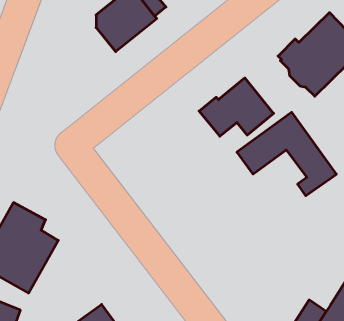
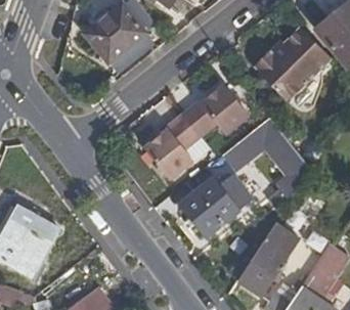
building: none -> [145,115,202,181]
building: none -> [180,179,244,238]
building: none -> [237,226,298,298]

